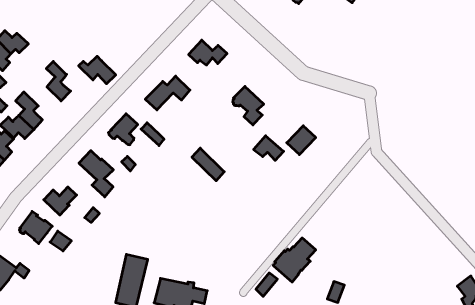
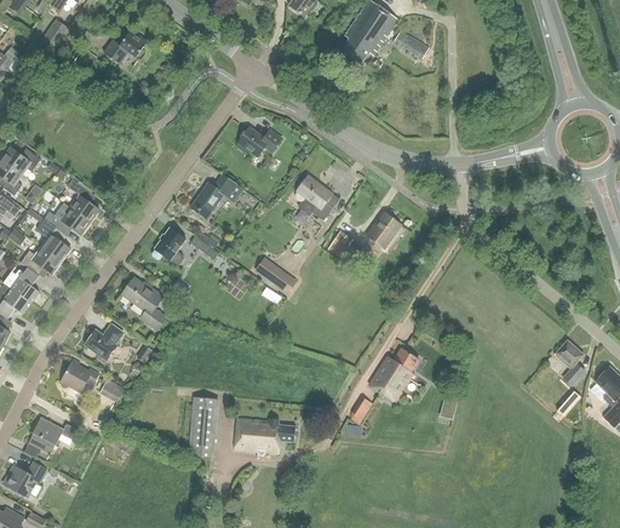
building: [79,56,116,84] -> [44,202,90,234]
building: none -> [546,333,584,383]

